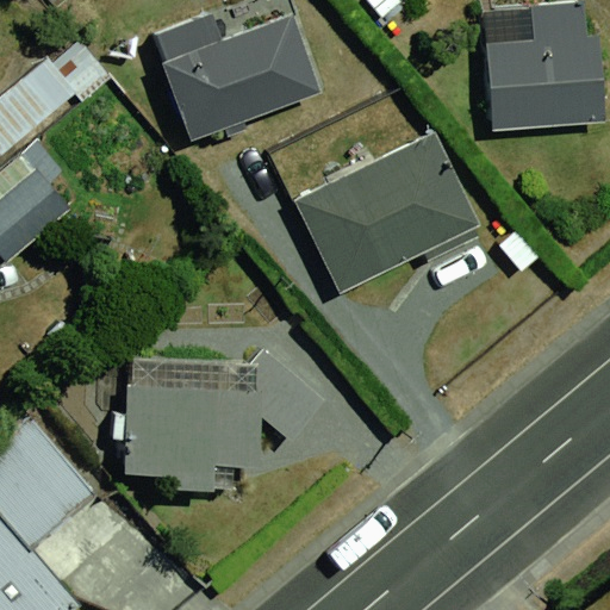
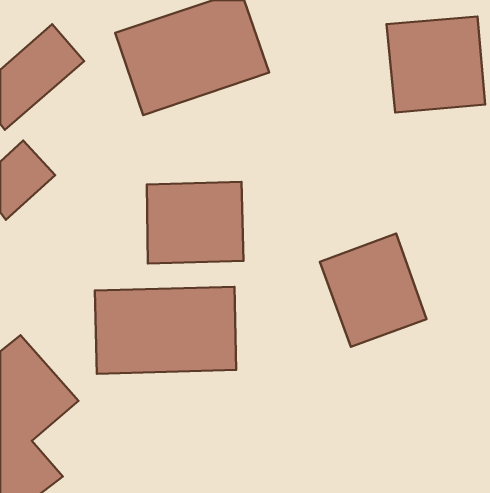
building: [292,131,474,293] -> none
building: none -> [147,182,244,264]
building: none -> [320,234,426,347]

